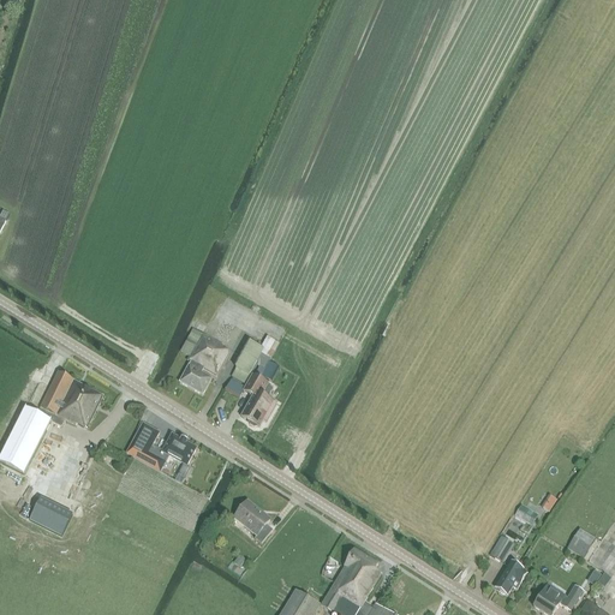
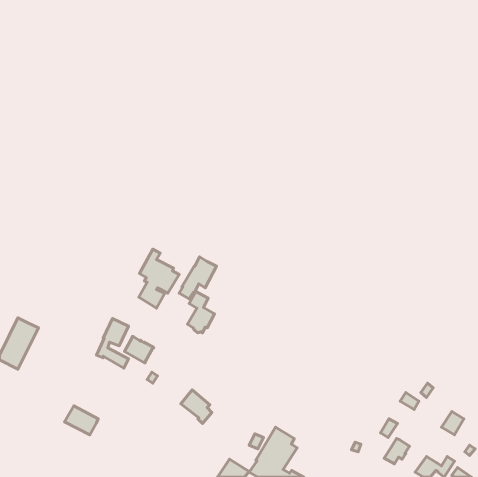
building: [35,370,102,428] -> none
building: [29,498,72,536] -> [64,406,98,435]

